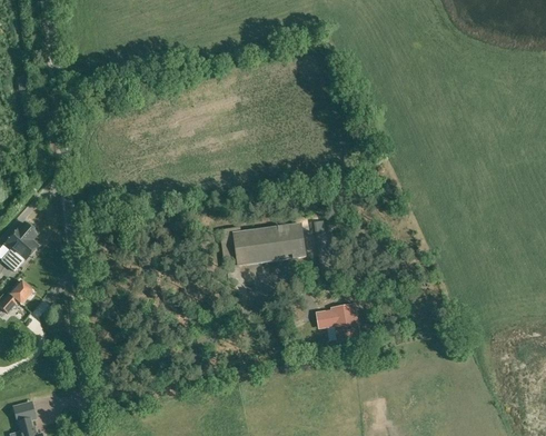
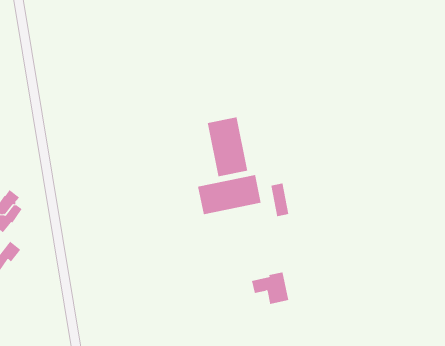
building: none -> [207,117,248,177]
building: [318,305,359,340] -> [251,272,289,304]

